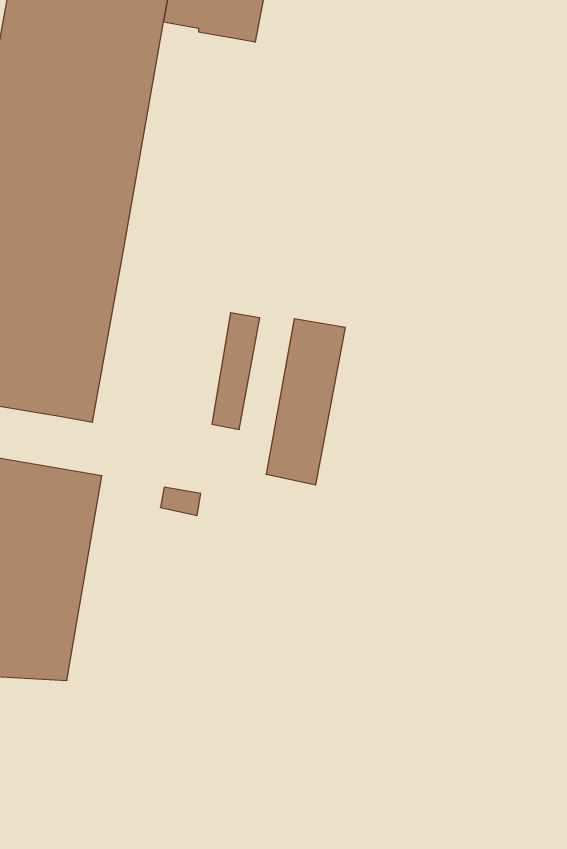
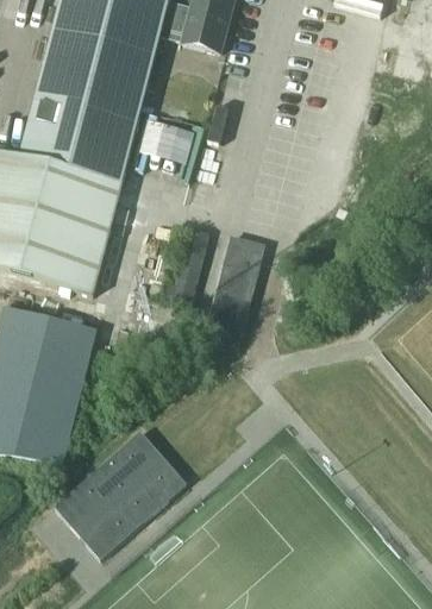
building: none -> [55,429,187,558]

